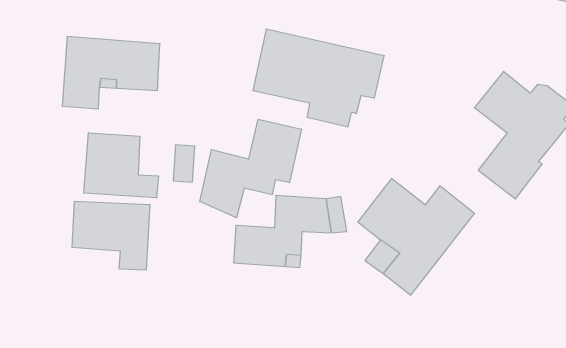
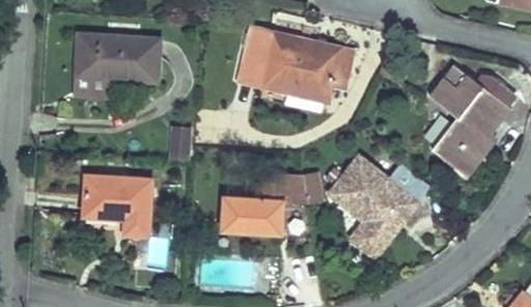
building: [200,119,301,218] -> none
building: [84,133,158,198] -> none

